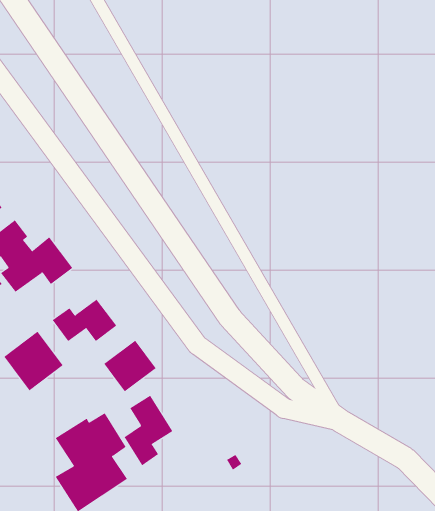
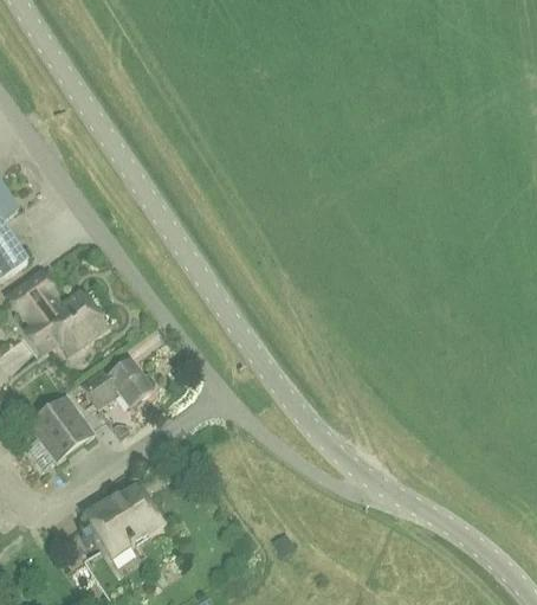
building: [104,340,156,392] -> none
building: [124,395,173,466] -> none

